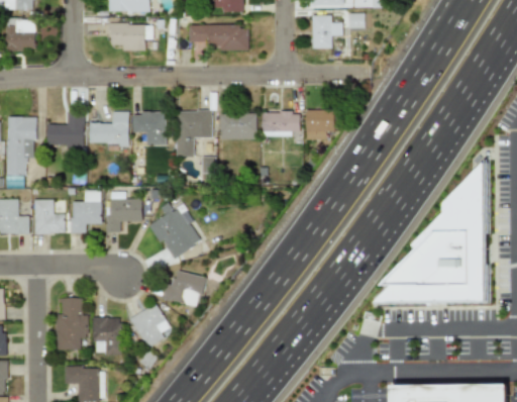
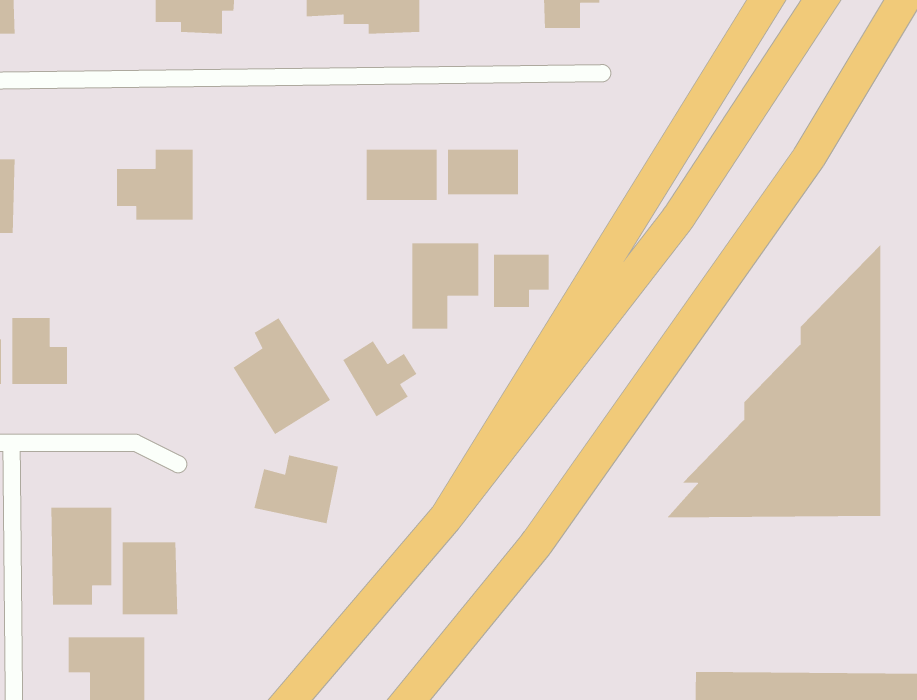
building: [132,110,166,144] -> none
building: [177,110,212,156] -> [411,242,479,330]
building: [305,110,334,138] -> [493,254,549,308]
building: [46,111,85,146] -> none
building: [71,190,102,233] -> none
building: [106,191,141,232] -> none
building: none -> [342,340,418,418]
building: [129,303,172,346] -> none

